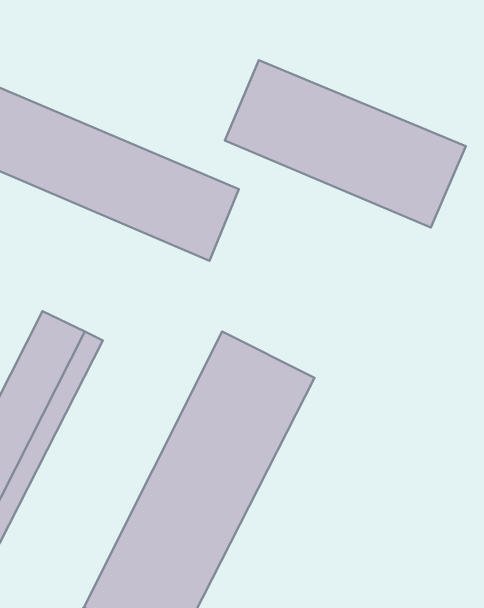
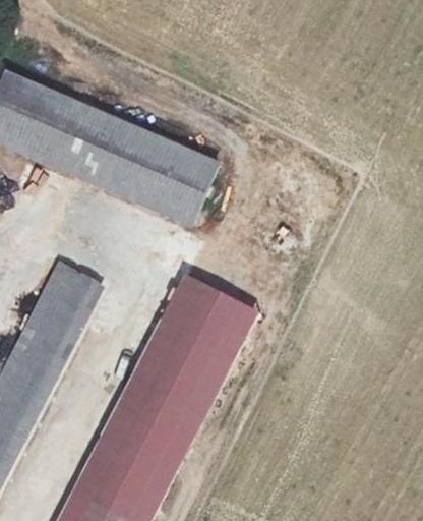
building: [225,60,466,228] -> none

